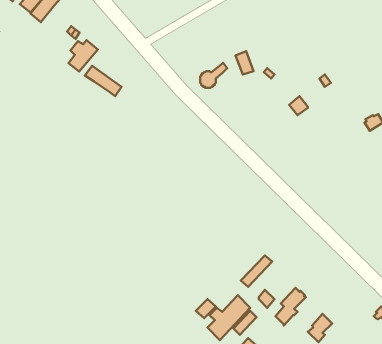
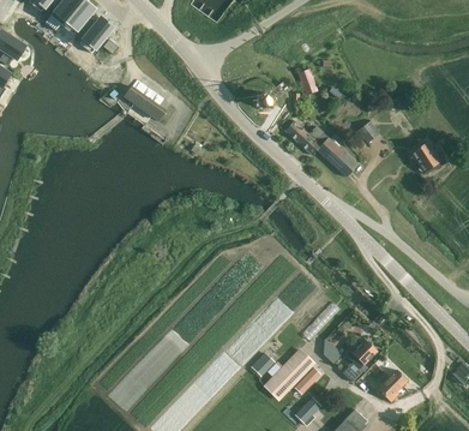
building: [69,40,98,71] -> [79,17,113,53]
building: none -> [284,120,357,176]
building: none -> [410,140,445,174]

